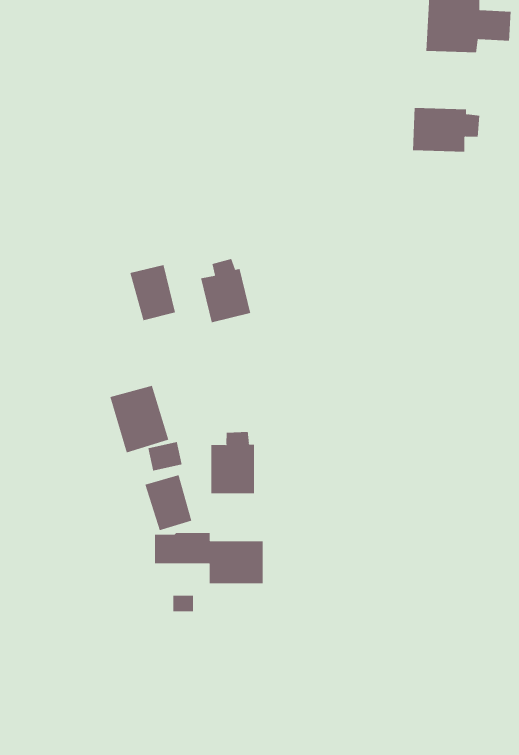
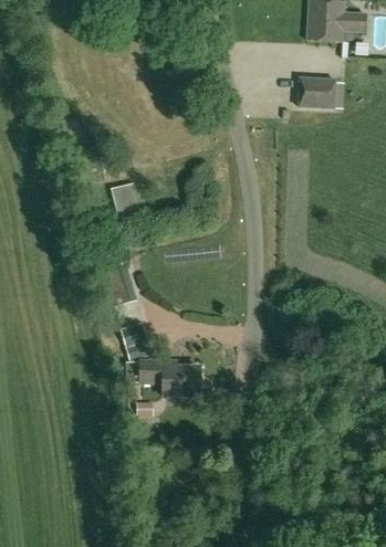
building: [201,258,251,323] -> none
building: [211,431,254,494] -> none

